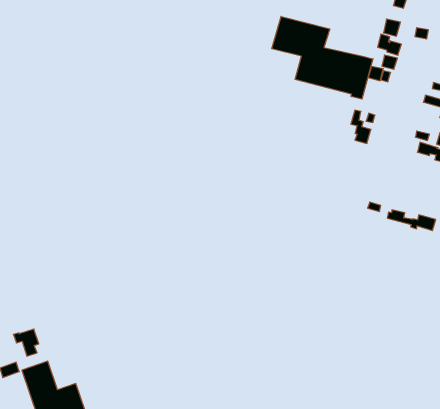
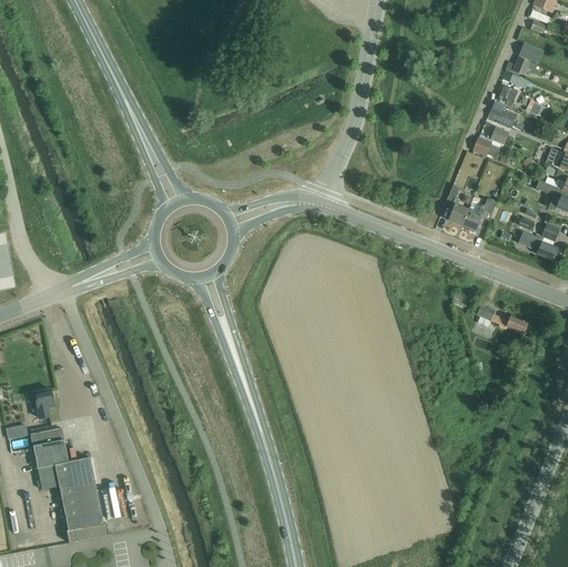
building: [272,16,373,99] -> none
building: none -> [462,196,496,230]

